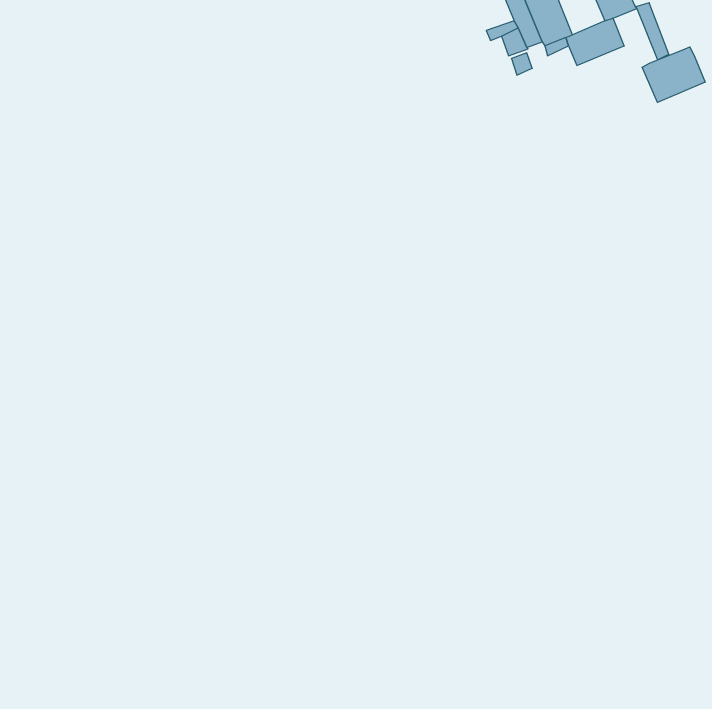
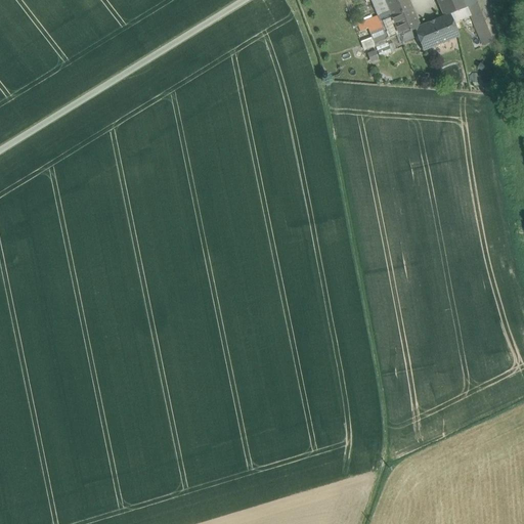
building: [642,47,705,102] -> none

